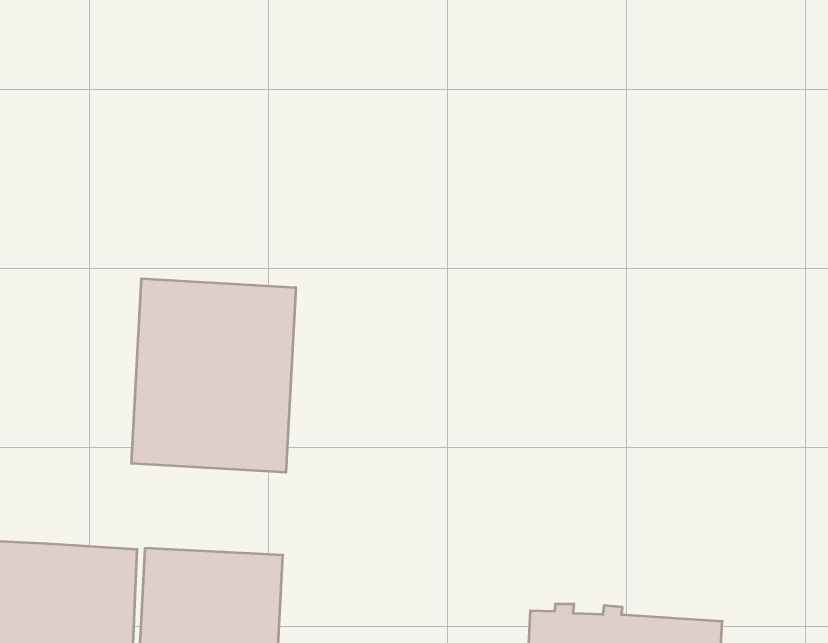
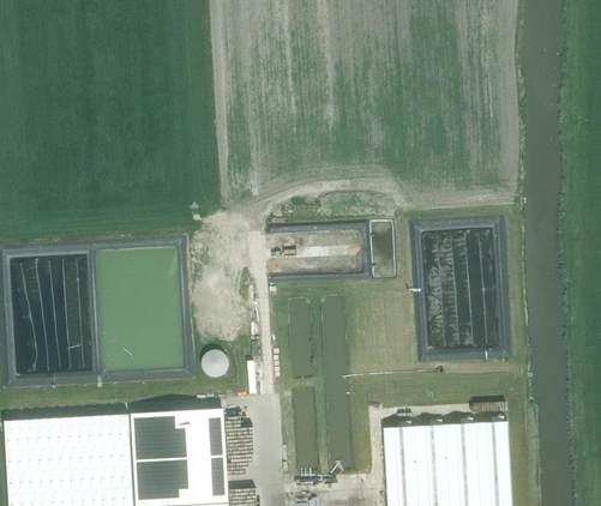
building: [132,279,296,472] -> none

